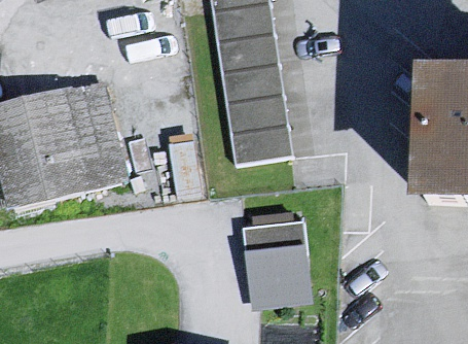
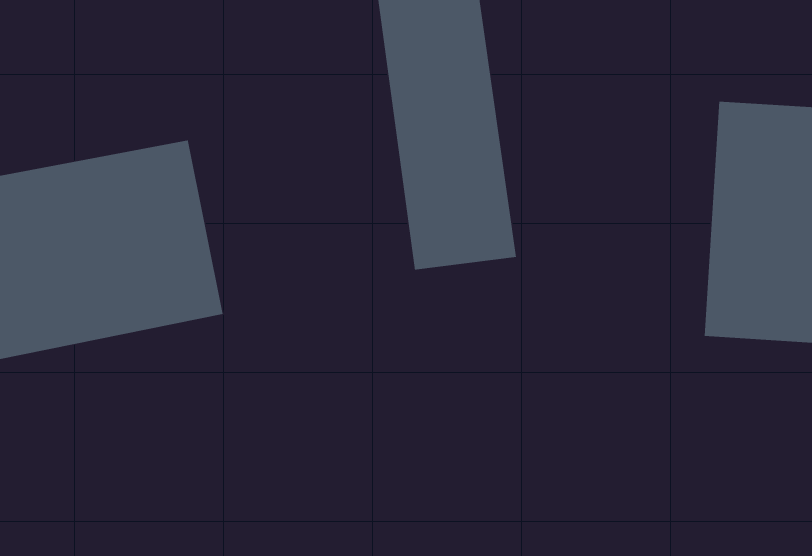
building: [243,214,313,305] -> none

